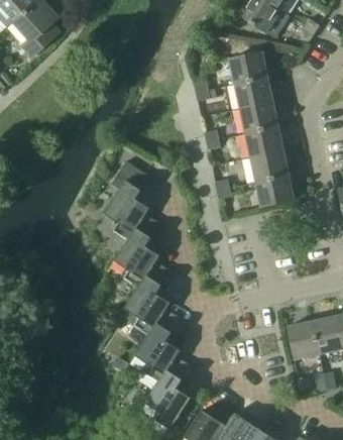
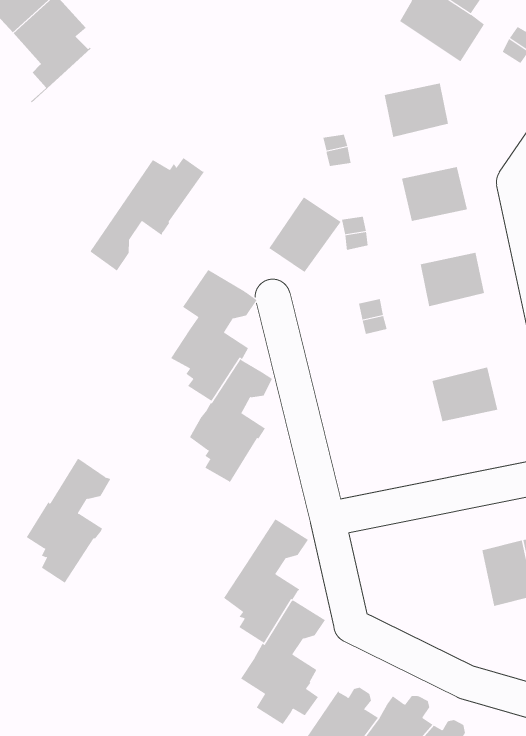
building: [235,76,273,108] -> none
building: none -> [90,157,205,271]
building: none -> [269,197,342,273]
building: [246,126,284,158] -> none
building: [256,176,296,208] -> [431,367,498,422]
building: [125,261,176,335] -> [26,458,111,583]

